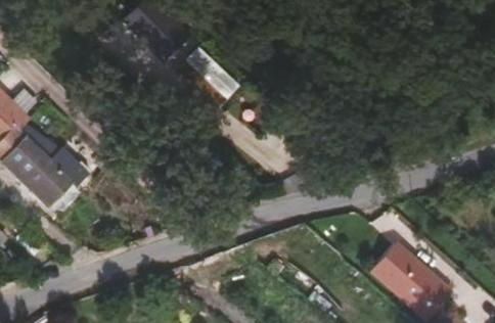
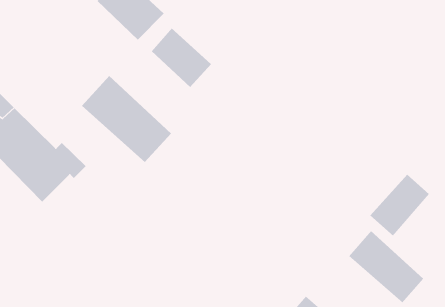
building: none -> [81,75,172,163]
building: none -> [370,174,430,237]

